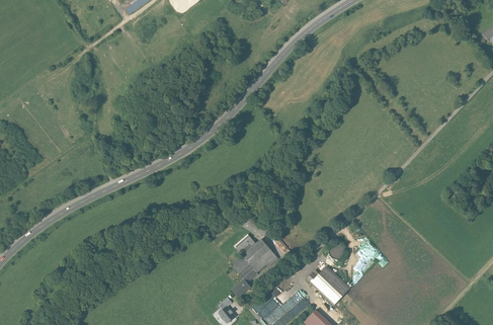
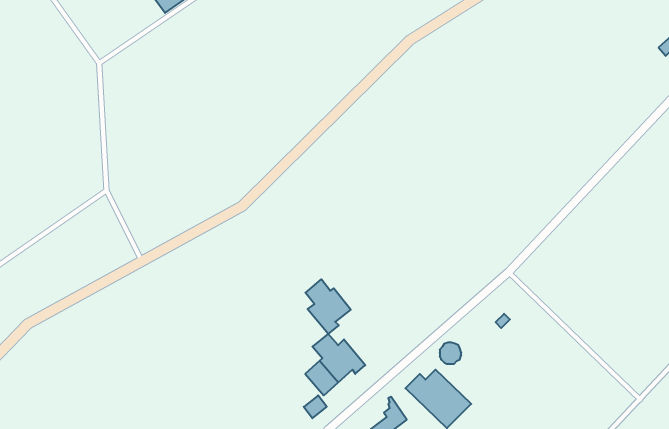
building: none -> [305,279,351,334]

